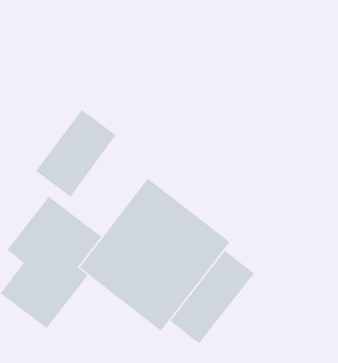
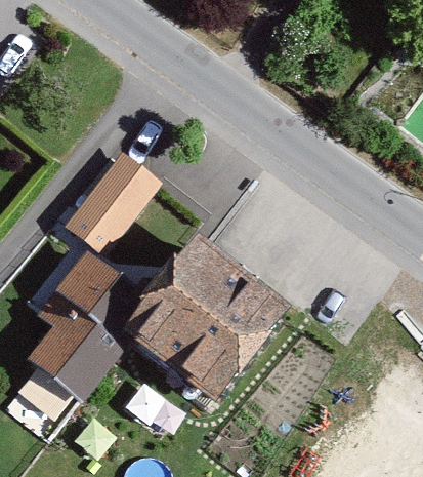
building: [170,250,255,344] -> none

